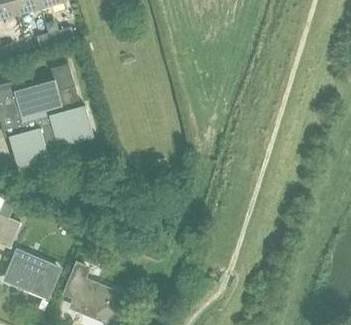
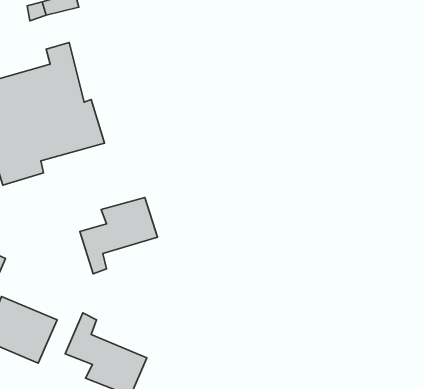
building: none -> [80,197,157,274]

